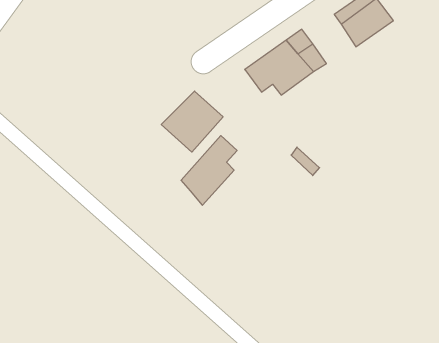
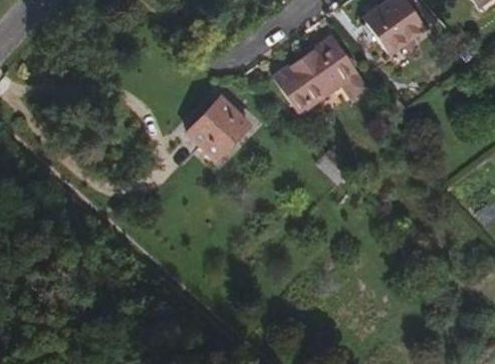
building: [181,136,237,205] -> none

